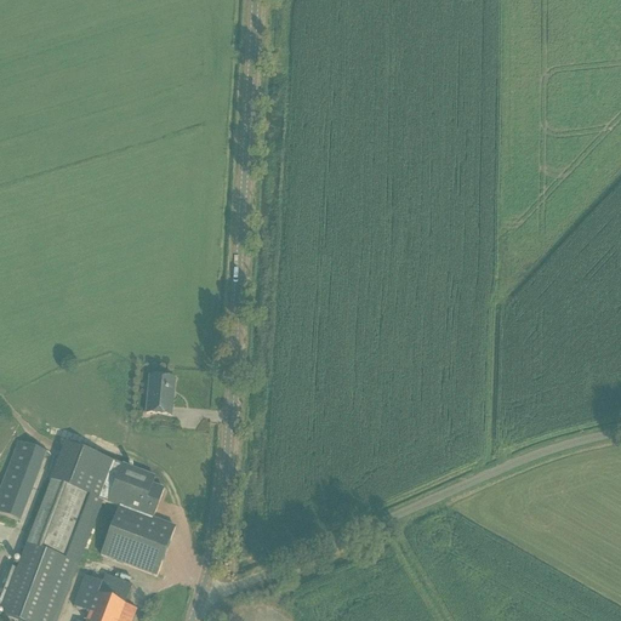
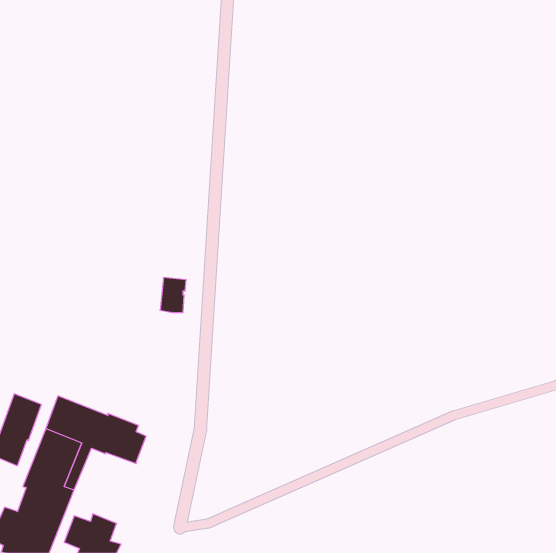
building: [144,374,173,412] -> [160,278,186,312]
building: [99,503,175,575] -> none

